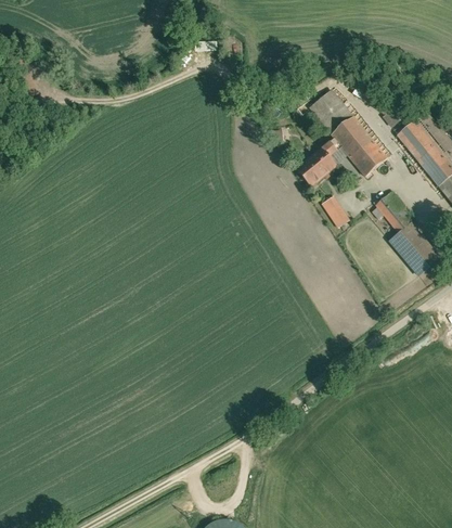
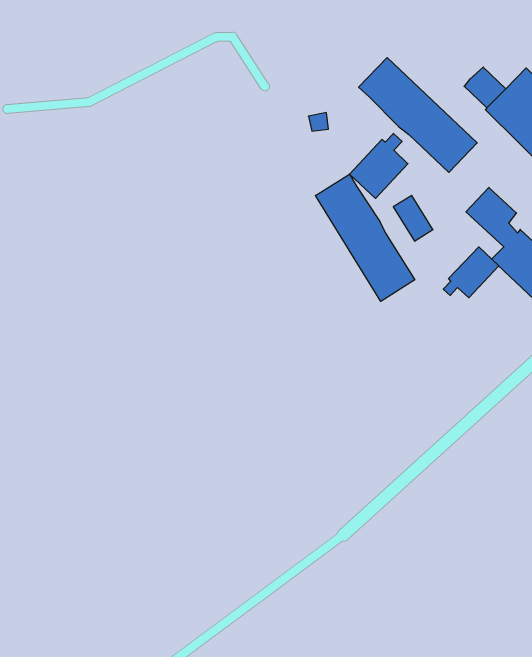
building: none -> [315,174,415,301]
building: none -> [443,247,499,298]

